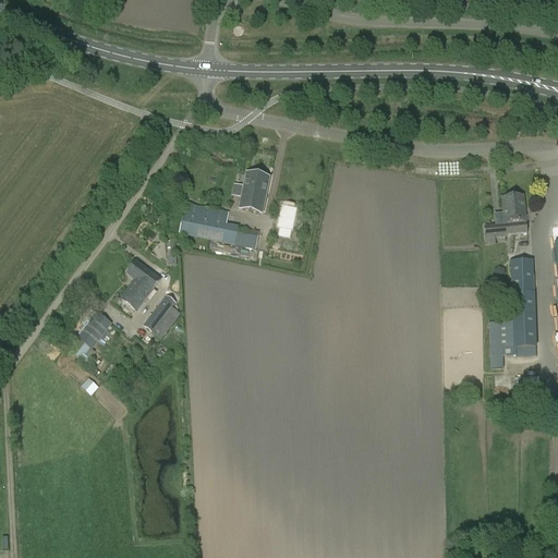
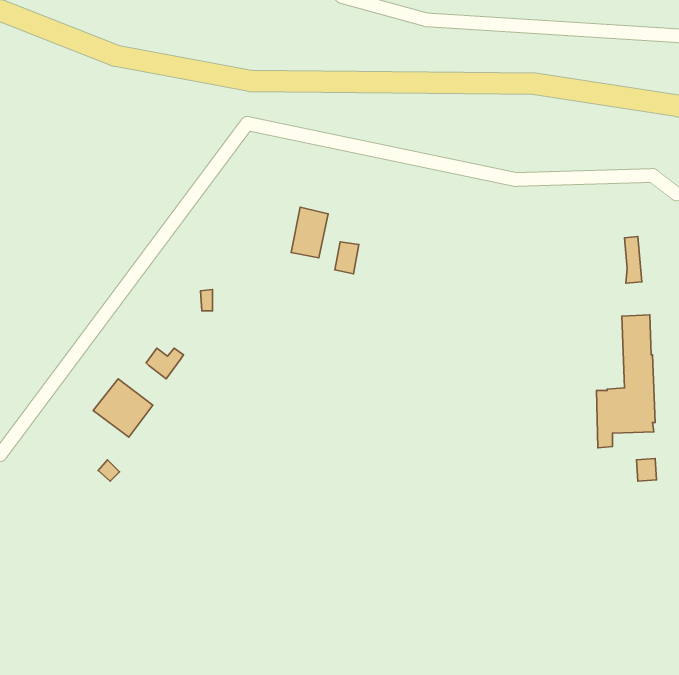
building: [484,195,514,235] -> none
building: [179,202,258,247] -> none
building: [126,259,160,292] -> none
building: [142,294,181,338] -> none

